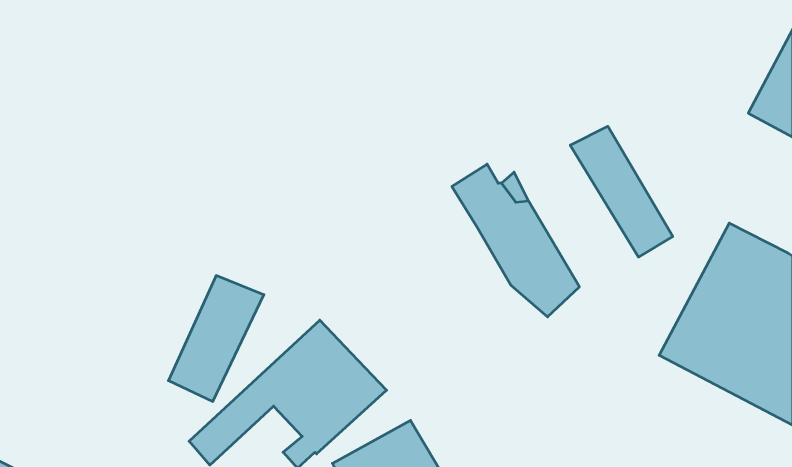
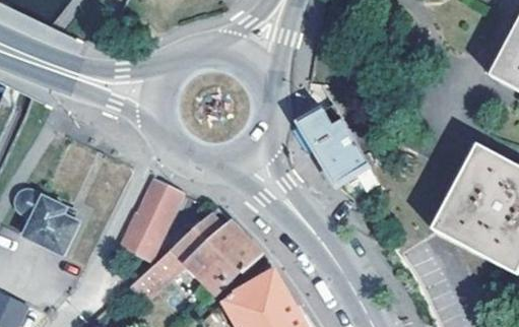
building: [570,126,673,257] -> none
building: none -> [17,190,77,253]

